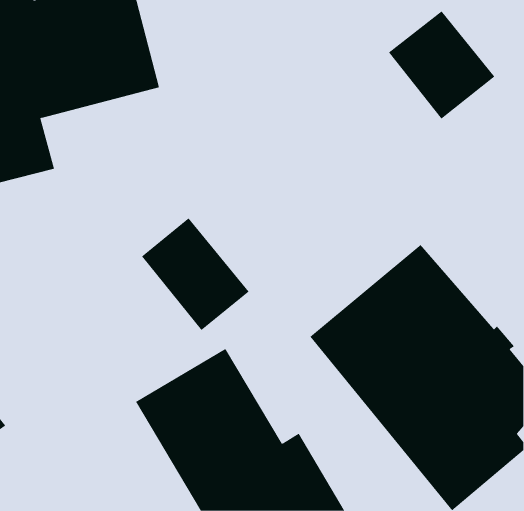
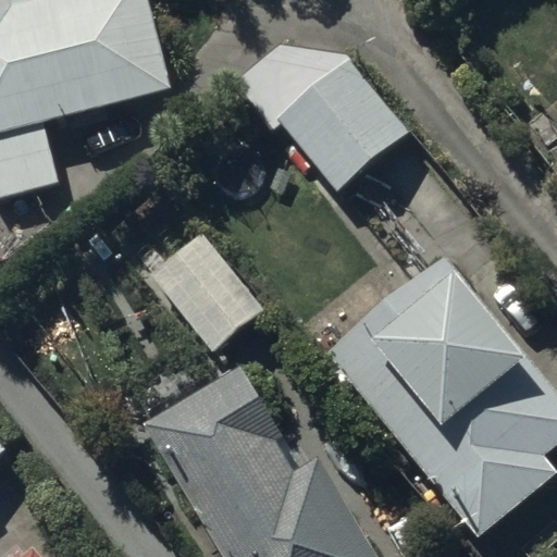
building: [388,10,495,119] -> none
building: none -> [271,48,412,190]

